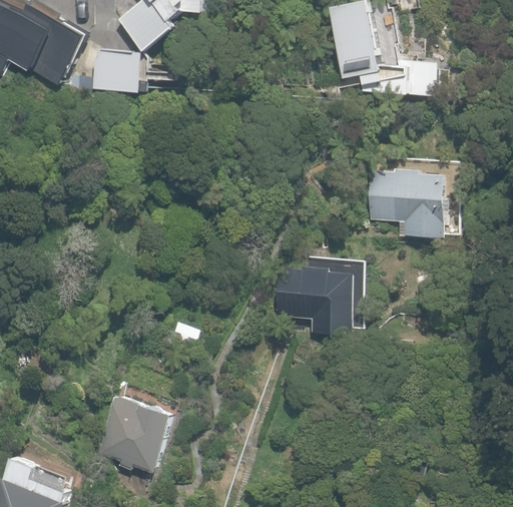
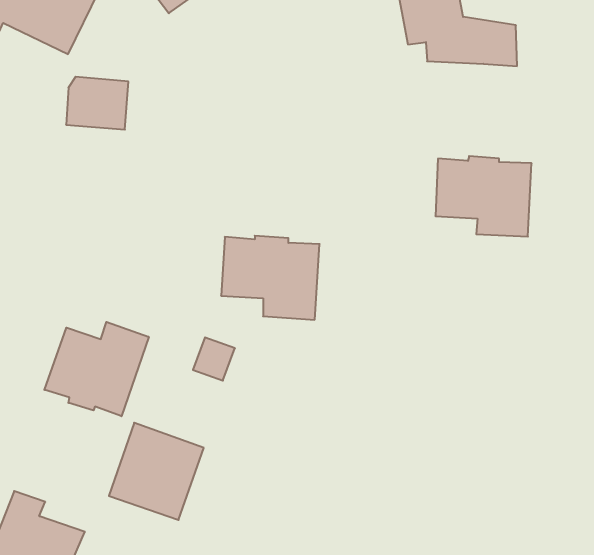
building: [91,47,143,91] -> [66,77,128,130]
building: [273,265,355,335] -> [221,236,320,320]
building: none -> [44,322,149,416]

